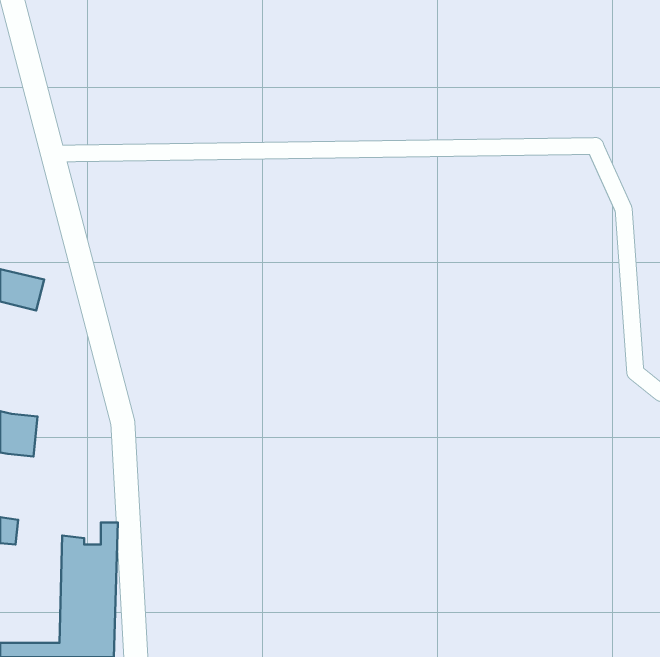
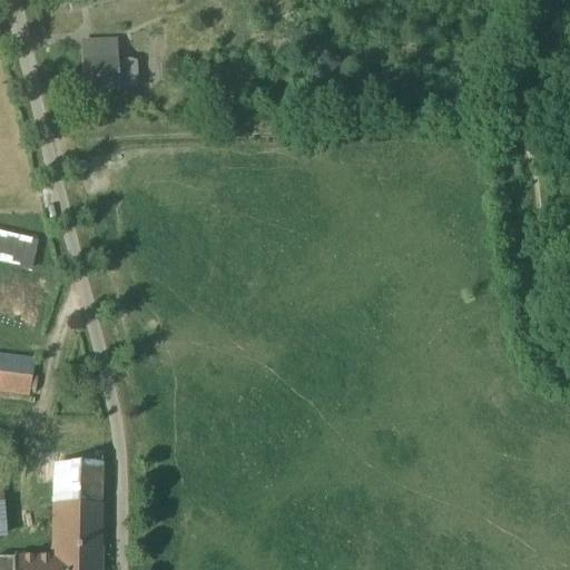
building: none -> [81,40,137,89]

